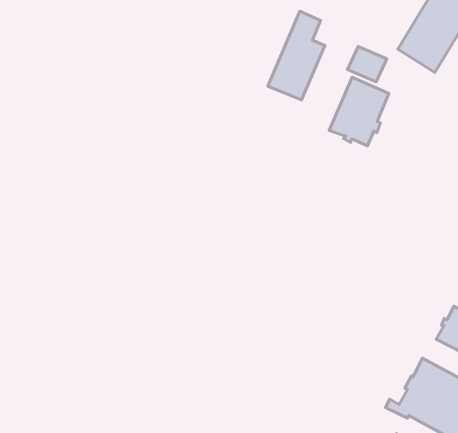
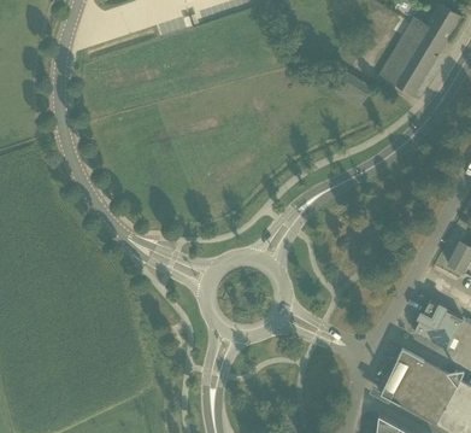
building: [268,11,325,100] -> none
building: [329,77,389,146] -> none

